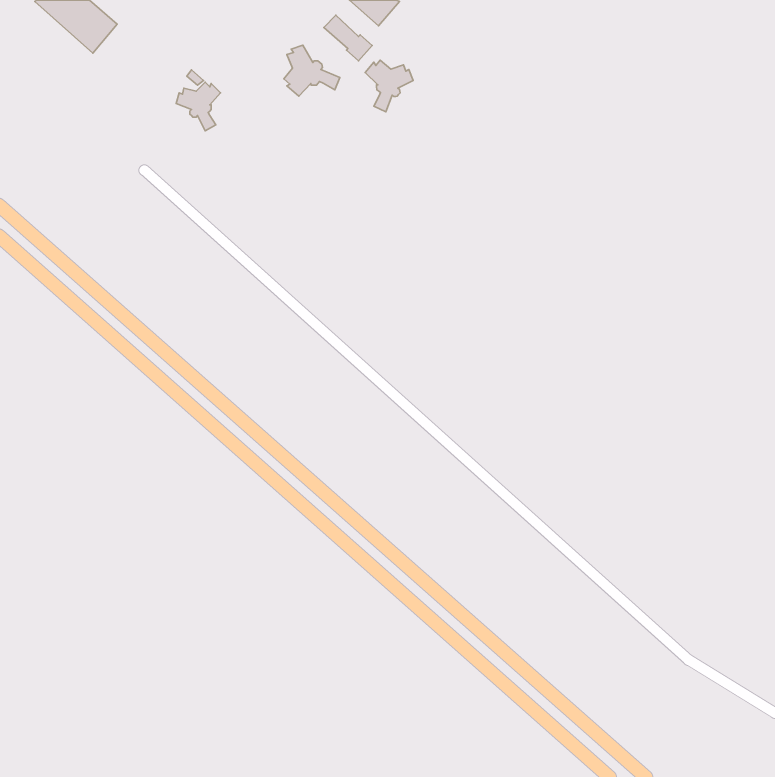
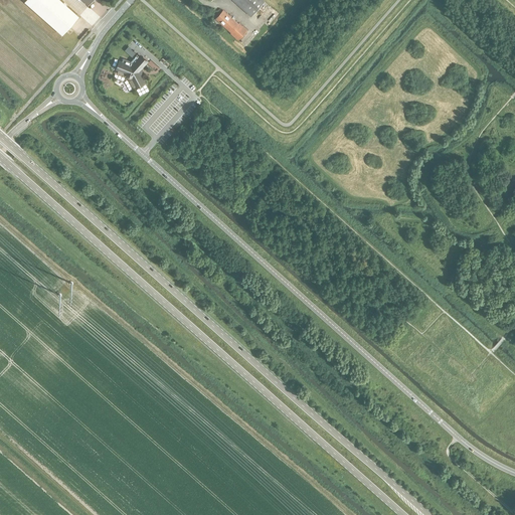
building: [284,45,340,96] -> none
building: [365,60,413,112] -> none

